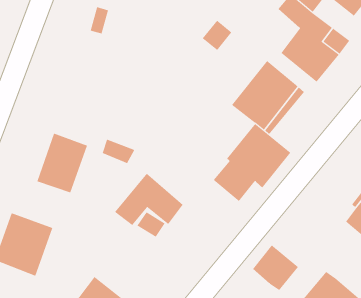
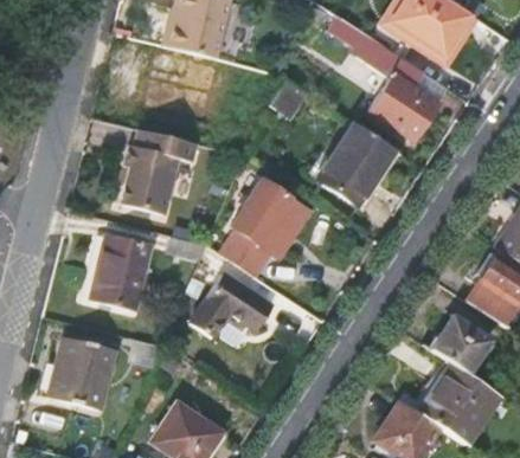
building: none -> [122,129,198,214]
building: [213,123,291,202] -> [220,180,310,276]
building: [252,244,299,291] -> [429,317,484,372]

